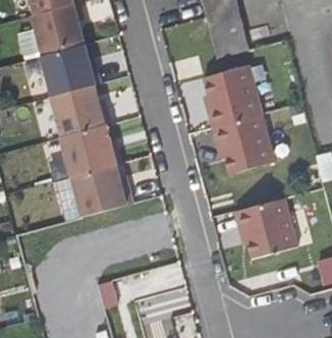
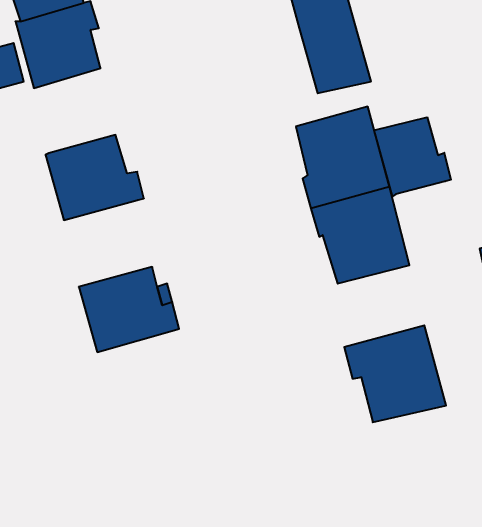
building: [42,43,101,95] -> none
building: none -> [374,117,451,197]
building: [60,123,122,176] -> none

